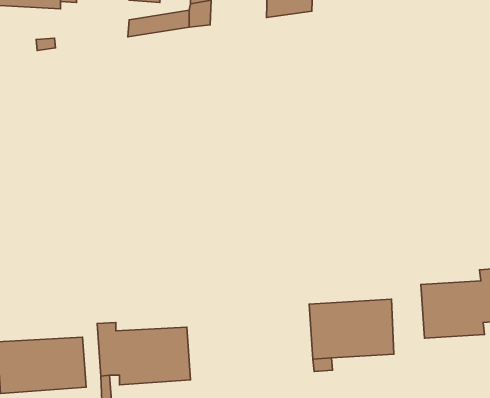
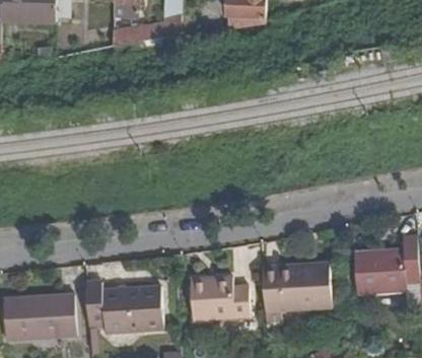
building: none -> [191,276,251,320]

